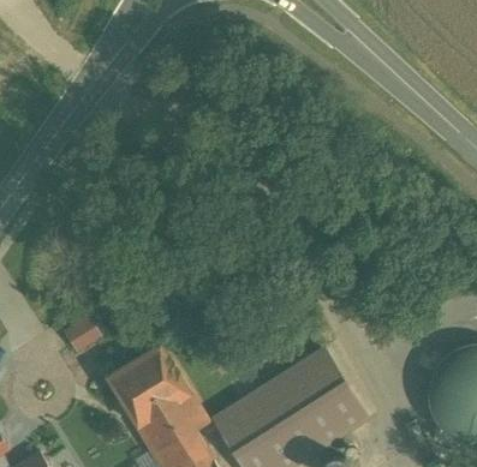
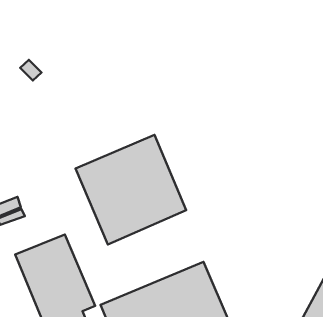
building: none -> [75,135,186,245]

